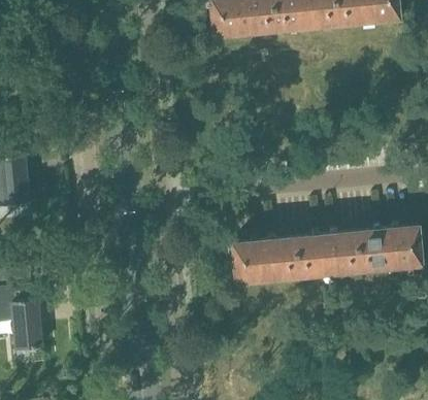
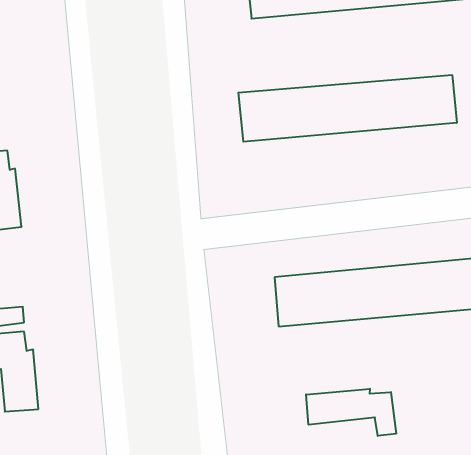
building: none -> [238,75,457,142]
building: none -> [306,389,396,436]

